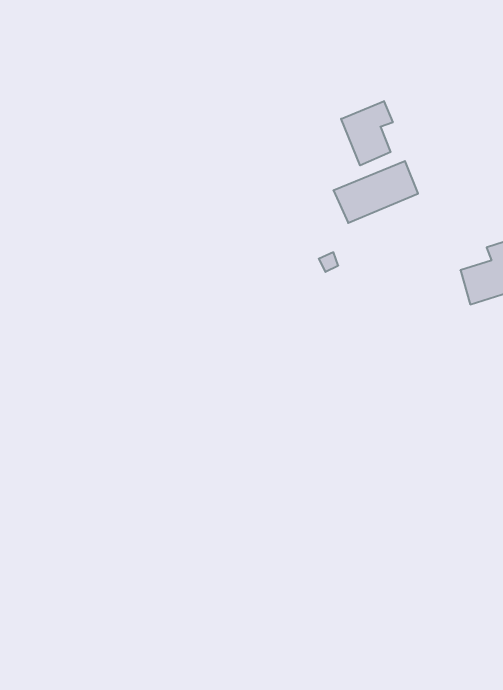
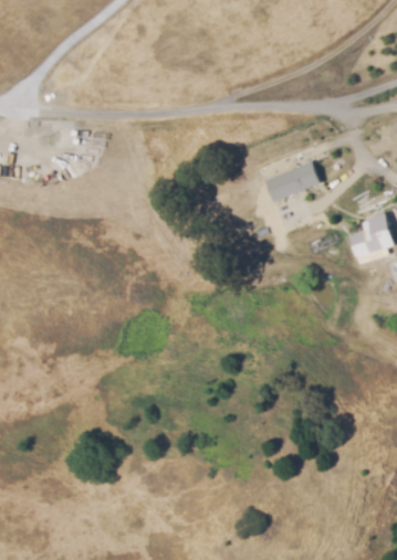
building: [341,101,393,165] -> none

